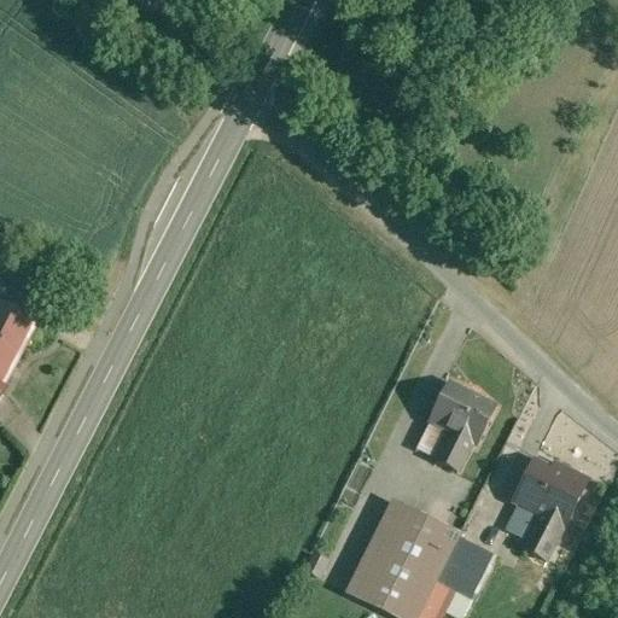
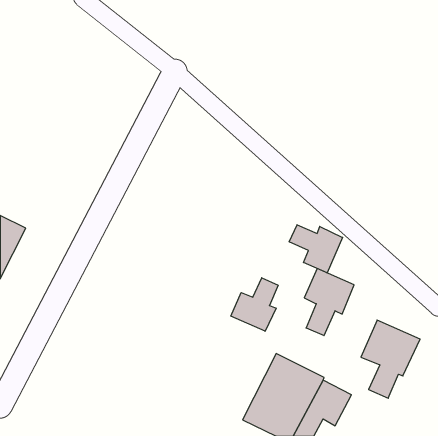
building: none -> [289,225,343,273]
building: none -> [231,278,278,331]

